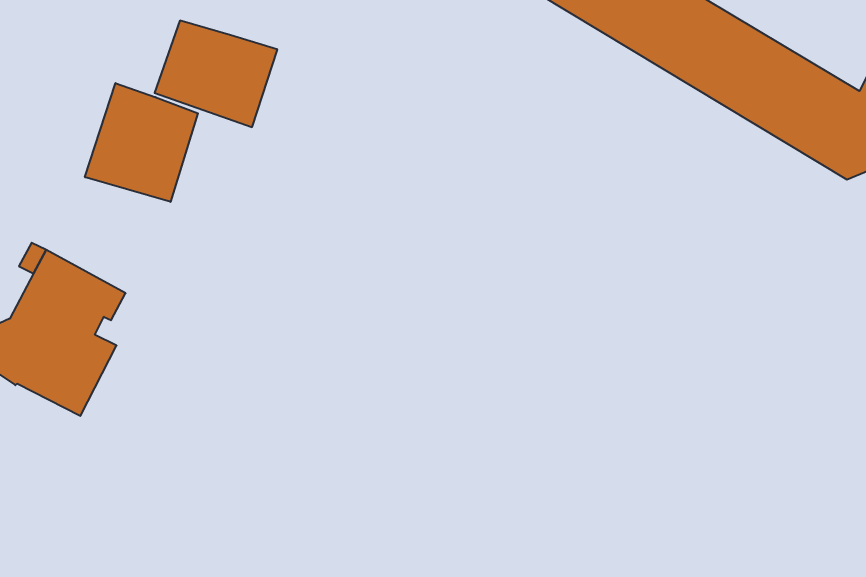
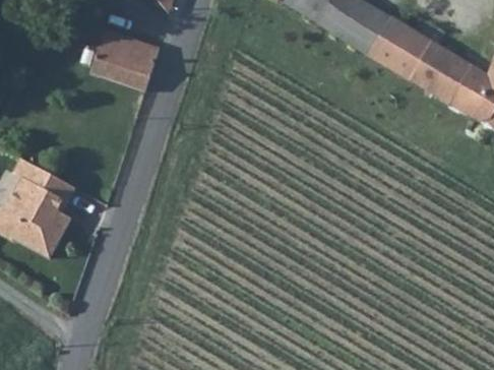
building: [85,83,198,202] -> none

